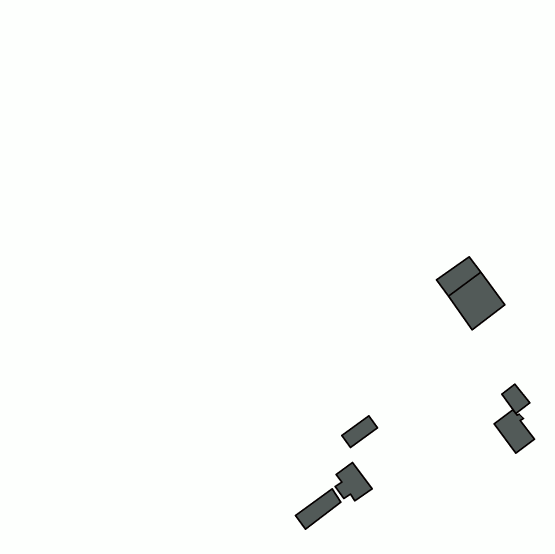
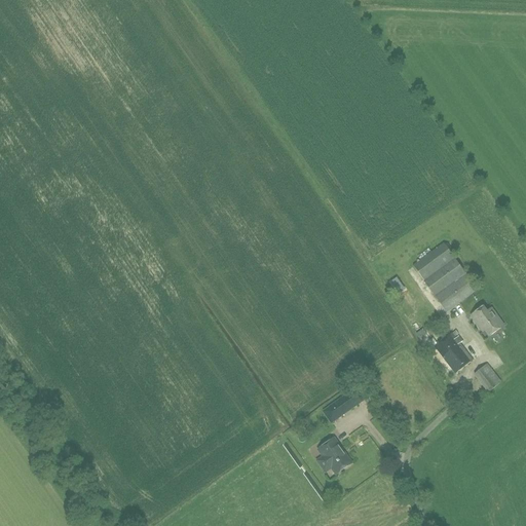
building: none -> [471,306,500,334]
building: [494,410,534,453] -> [434,331,472,372]
building: [296,489,341,529] -> none

